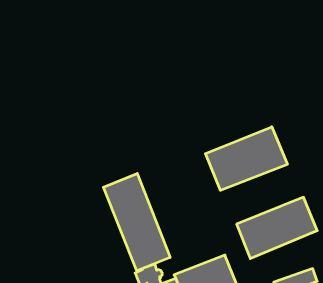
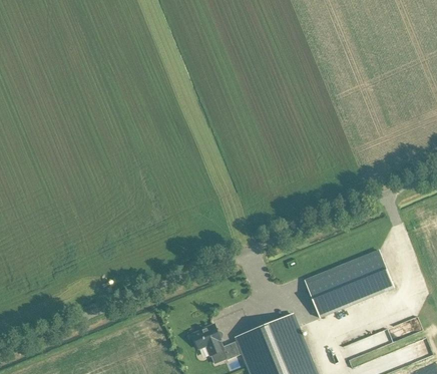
building: [205,127,287,190] -> none
building: [103,173,170,271] -> none

